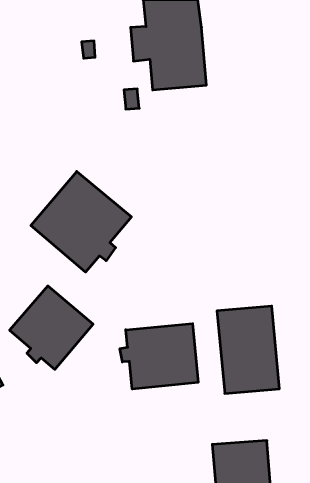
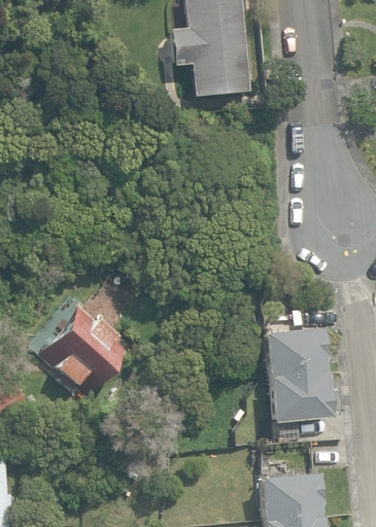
building: [31,171,131,272] -> none
building: [120,324,198,389] -> none

